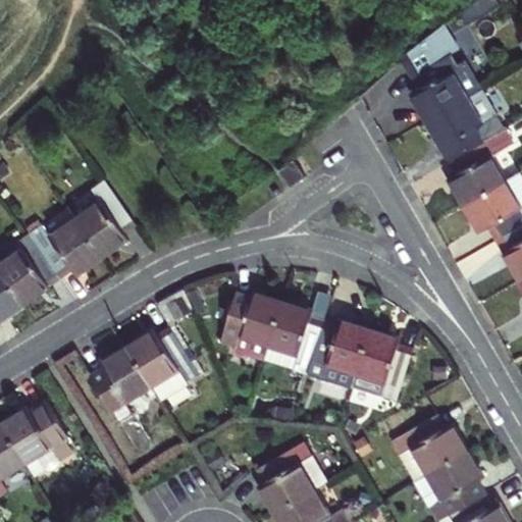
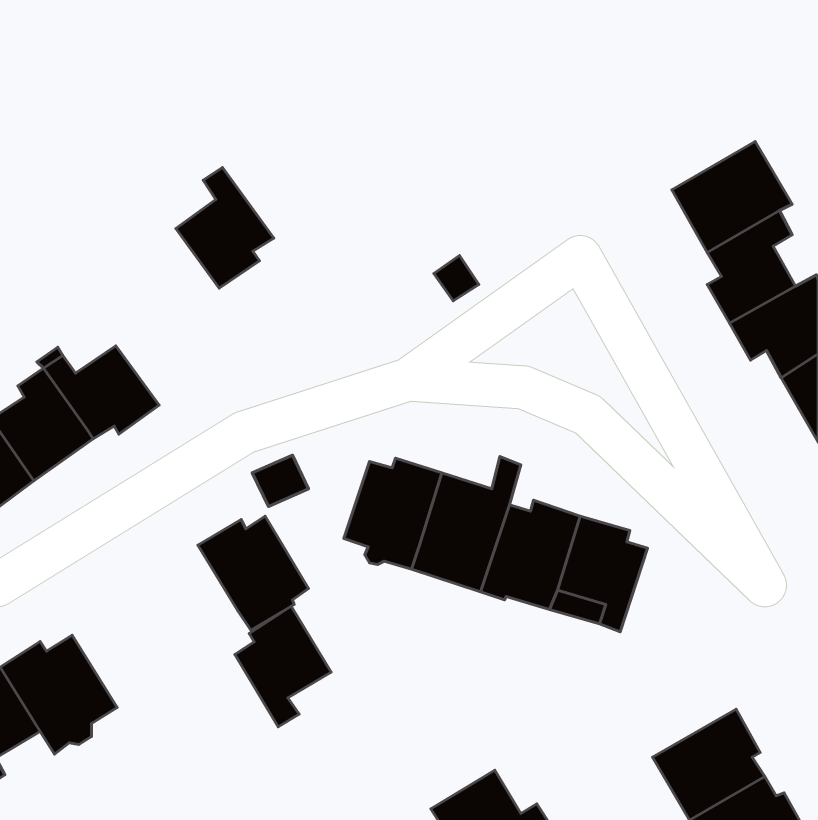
building: [401,23,479,121] -> none
building: [73,181,136,258] -> [176,167,274,288]
building: [90,347,151,423] -> [235,606,331,727]
building: [390,414,467,481] -> none
building: [255,442,325,514] -> none

